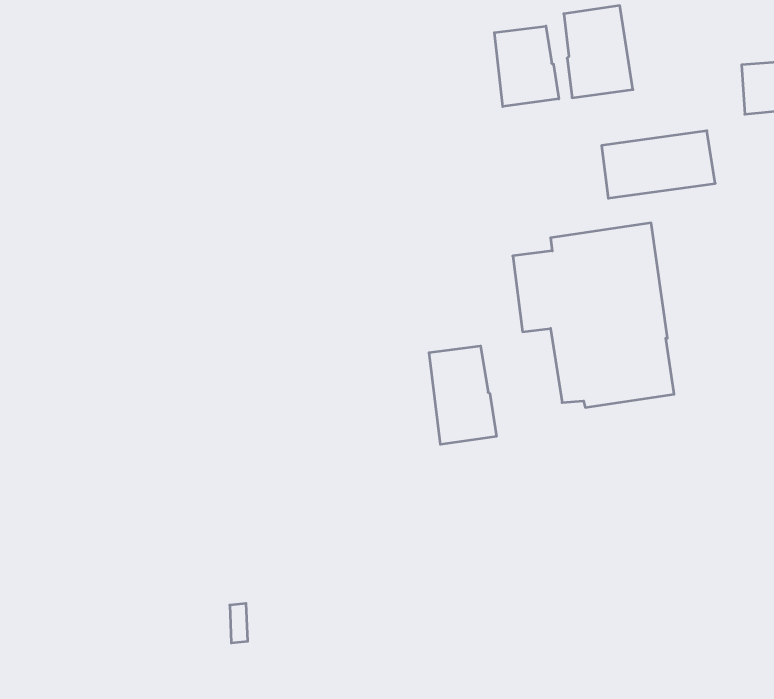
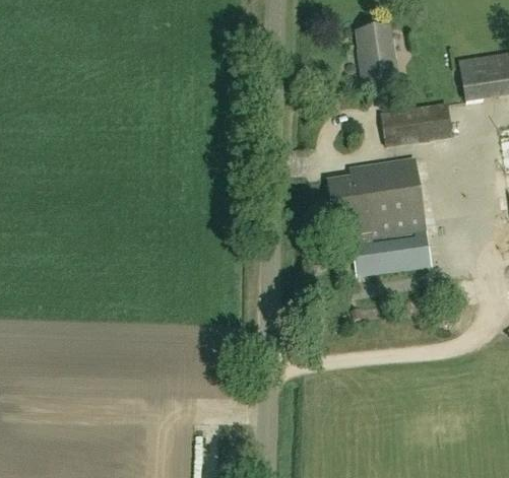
building: [494,26,559,107] -> none
building: [429,346,496,444] -> none

